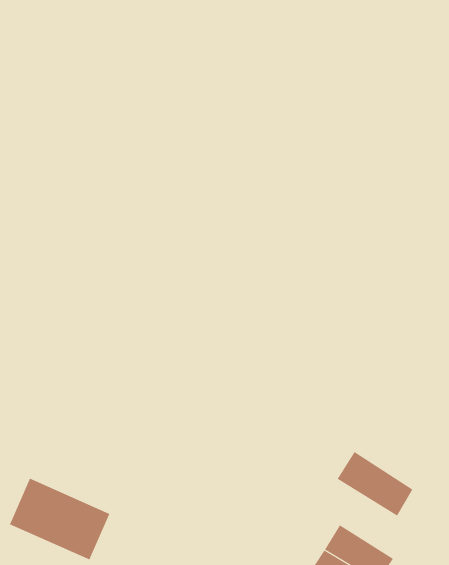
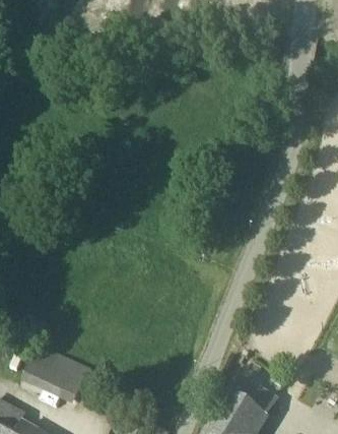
building: [337,451,413,517] -> none

